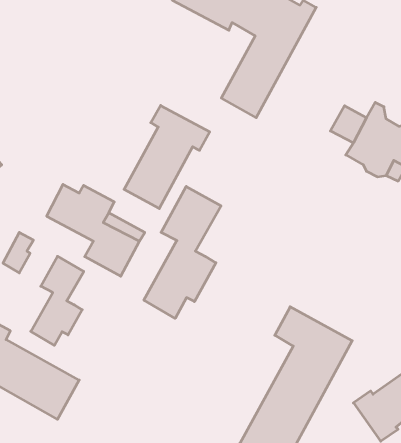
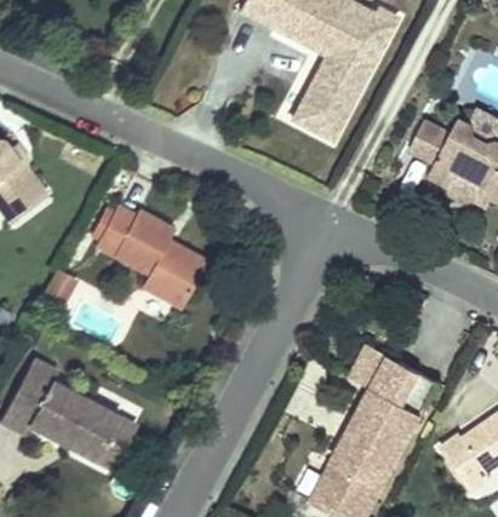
building: [124,105,210,209] -> none
building: [144,186,221,318] -> none
building: [31,256,84,345] -> none

